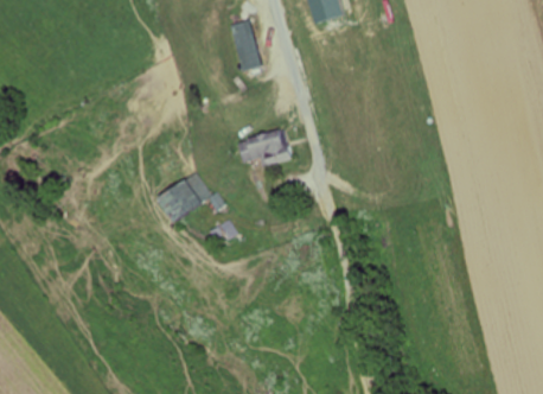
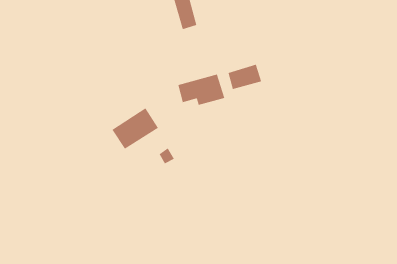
building: none -> [228,64,262,90]

